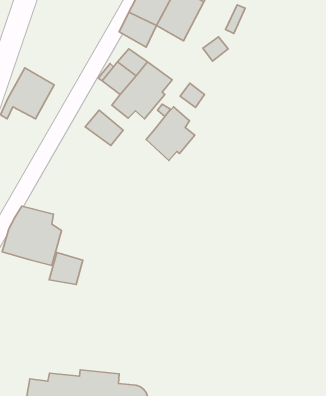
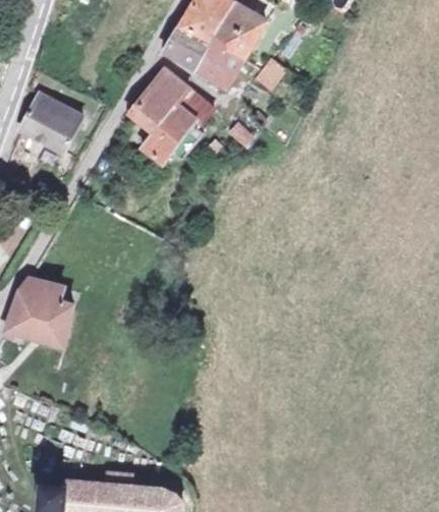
building: none -> [187,45,234,92]
building: [146,107,195,160] -> none
building: [85,110,123,145] -> none
building: [49,253,83,285] -> none

